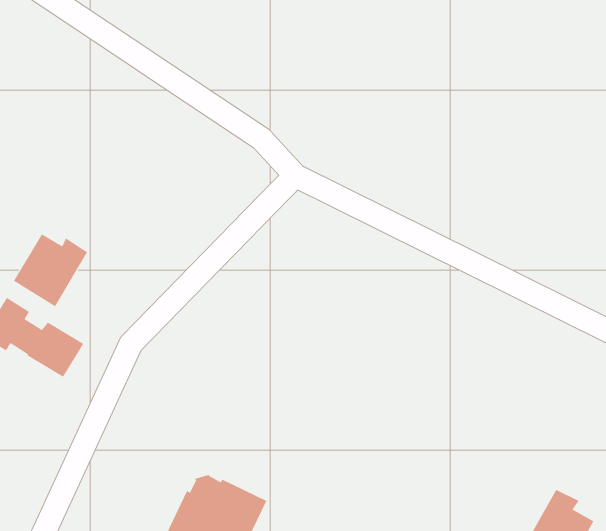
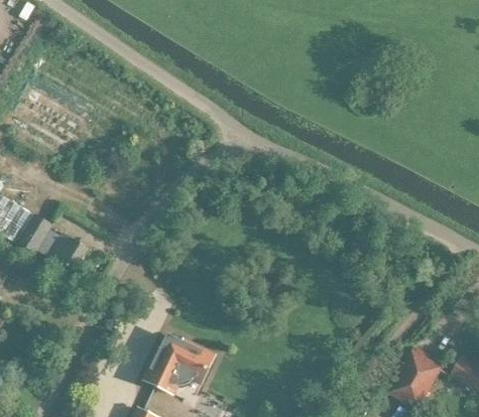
building: [13,234,88,307] -> none

